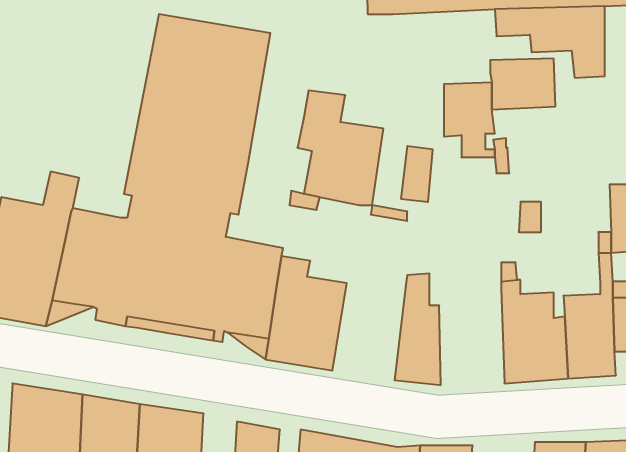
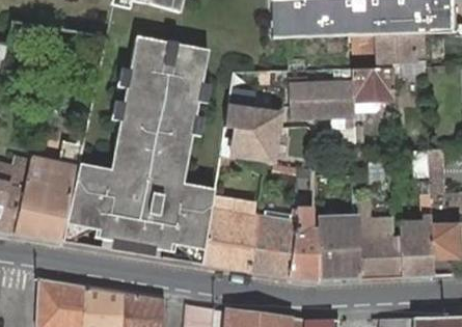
building: none -> [288,83,320,117]
building: none -> [247,208,295,276]
building: none -> [317,217,359,279]

